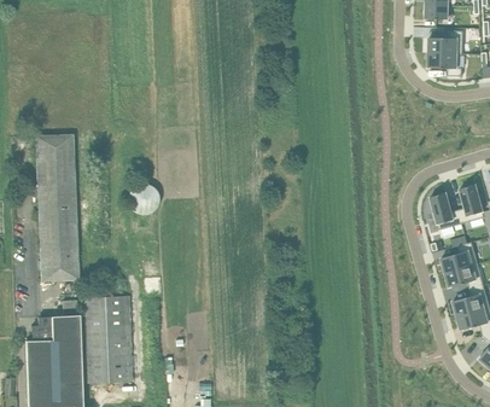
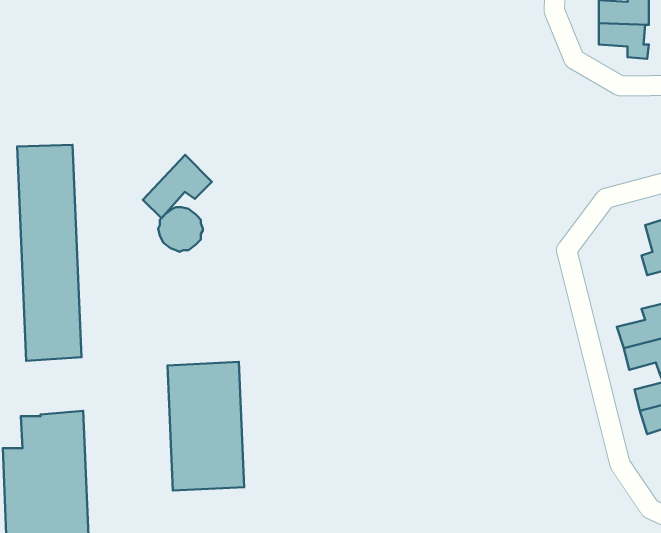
building: none -> [143,155,212,218]
building: [430,192,461,229] -> none
building: [80,295,132,382] -> [167,362,244,491]

